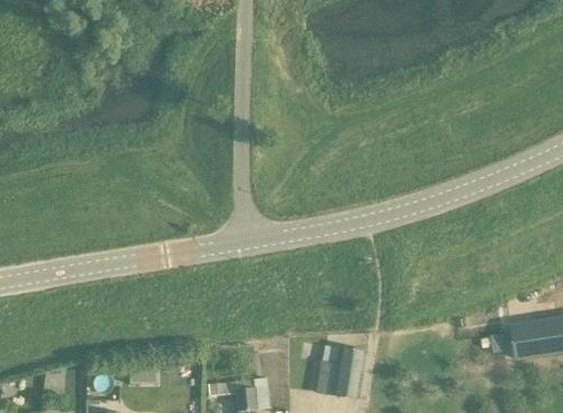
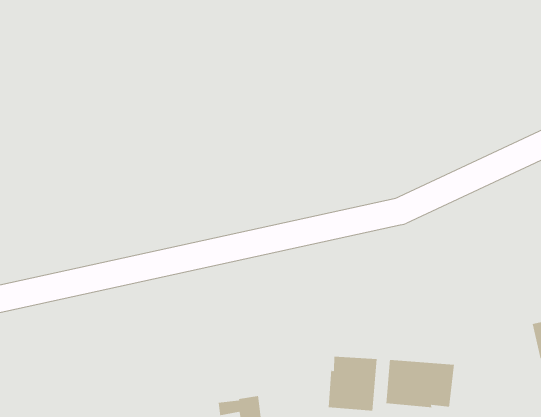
building: none -> [386,359,454,408]

